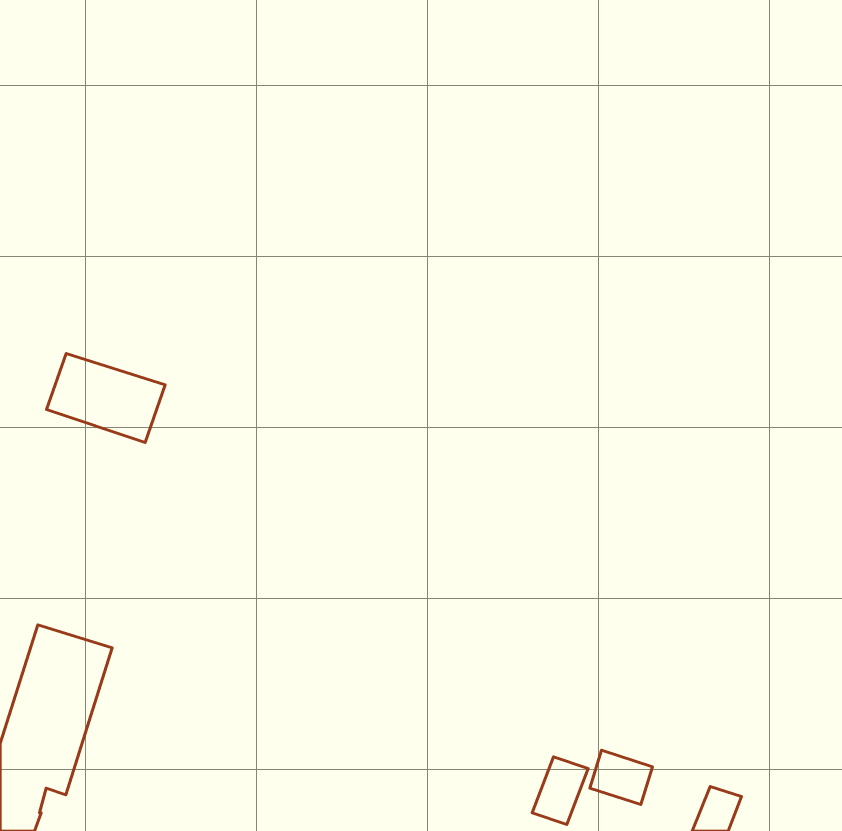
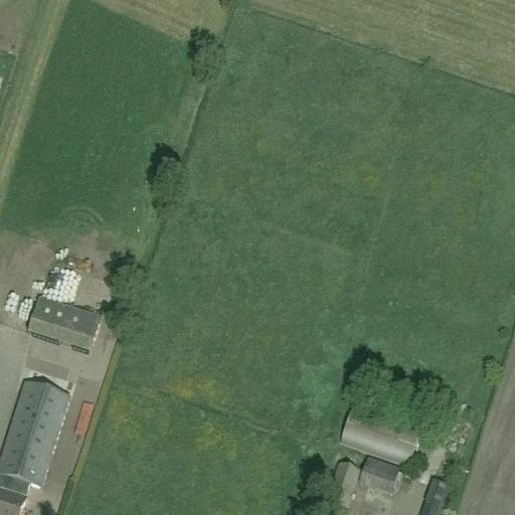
building: [46,353,165,442] -> [28,296,101,350]
building: none -> [341,409,419,461]

